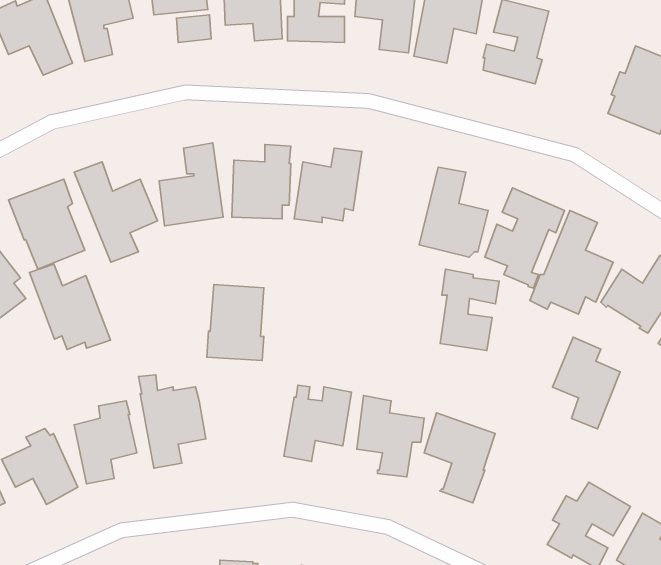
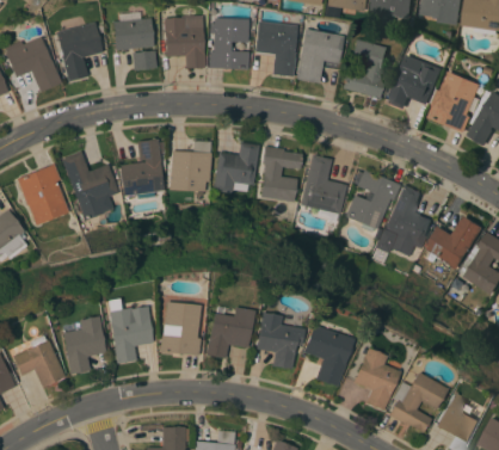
building: none -> [387,54,442,109]
building: [30,264,110,349] -> none
building: [440,269,499,351] -> [260,146,301,202]
building: [207,284,264,361] -> [159,302,198,355]
building: [552,337,620,429] -> [351,347,398,411]

